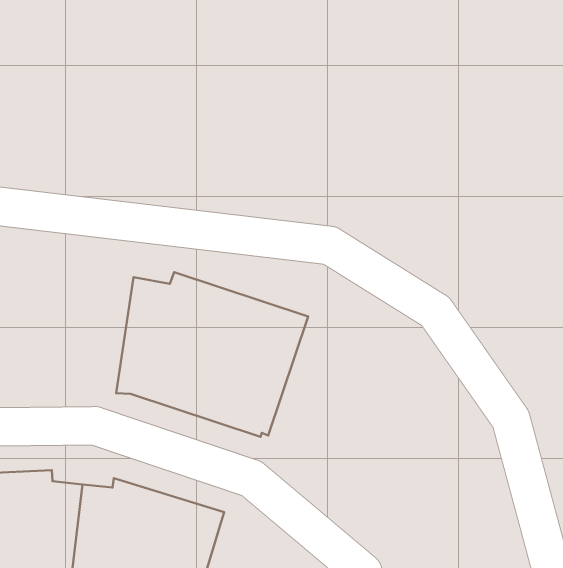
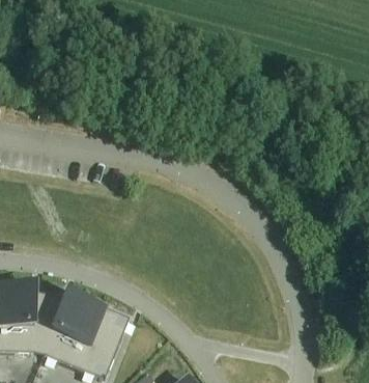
building: [116,272,308,437] -> none

